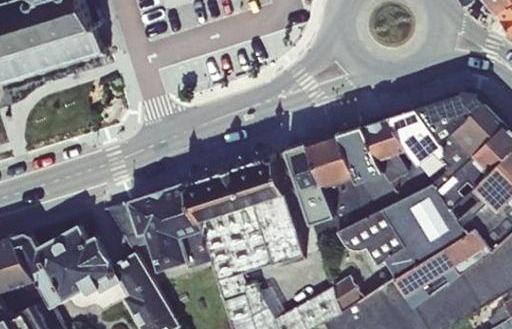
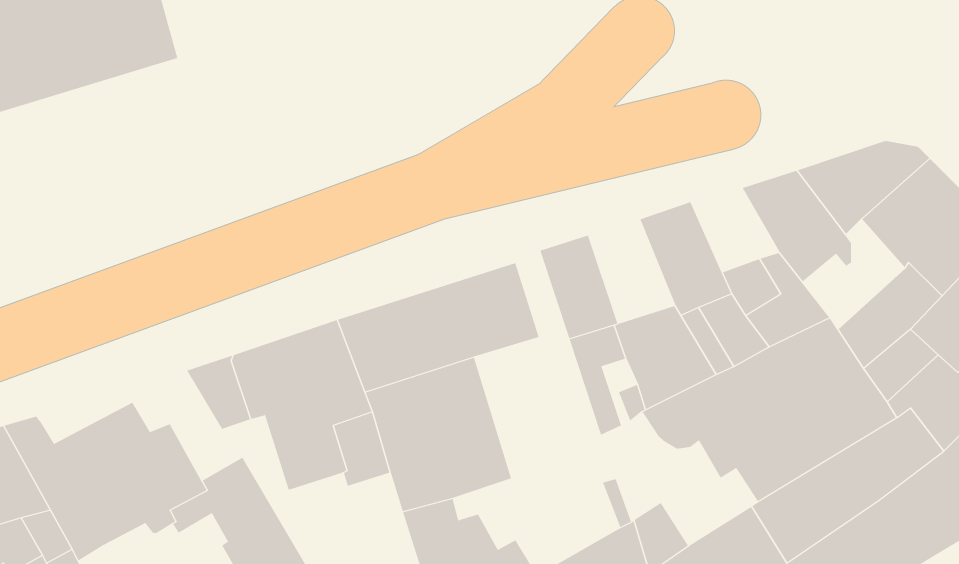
building: [362,117,407,160] -> none
building: [310,133,354,186] -> none
building: [419,133,471,189] -> none
building: [252,193,303,265] -> none

